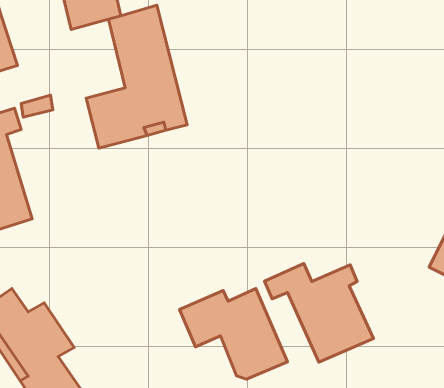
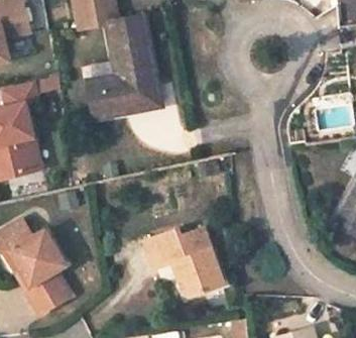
building: [264,264,374,362] -> none

